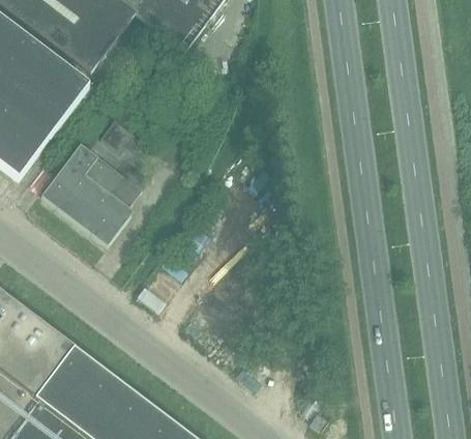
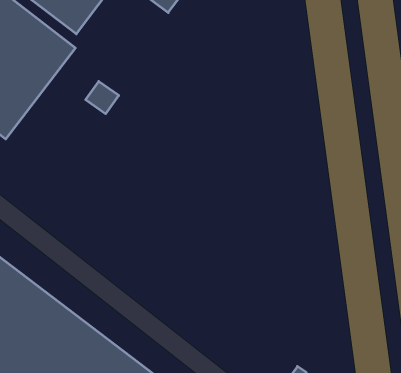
building: [41,144,141,244] -> none

